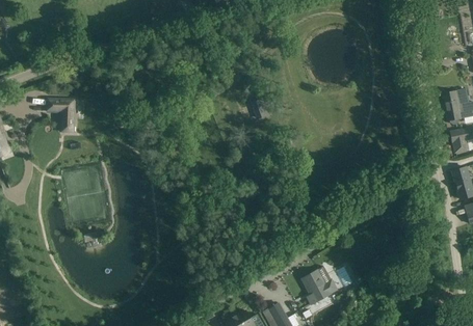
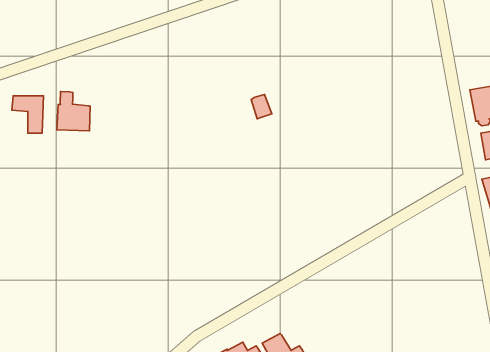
building: none -> [57,92,90,131]
building: [301,266,337,304] -> none

